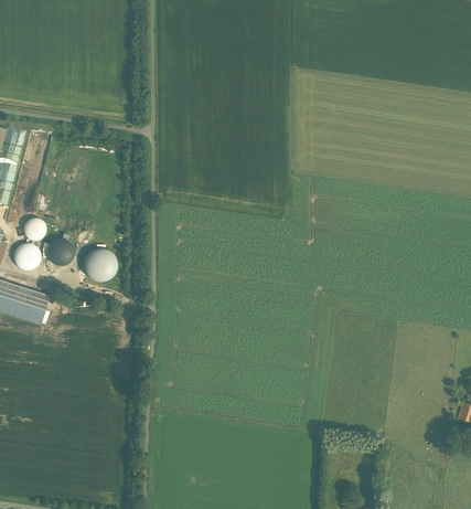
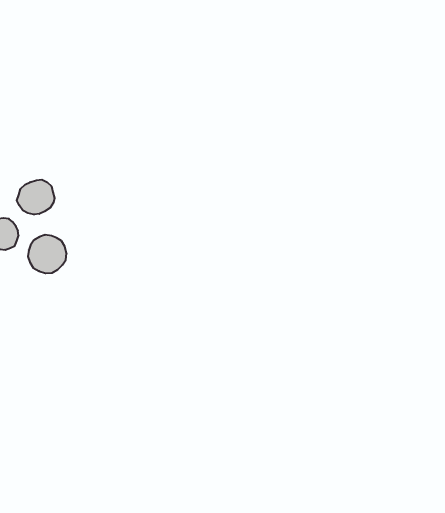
building: none -> [17,180,54,215]

